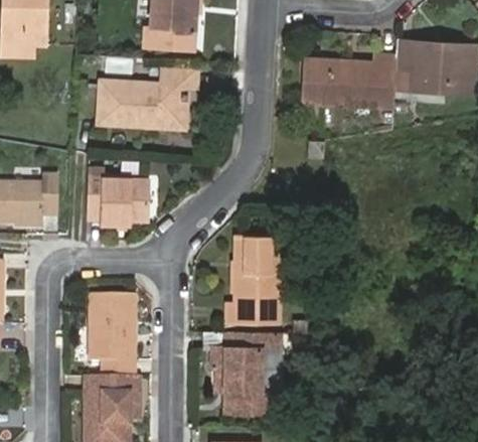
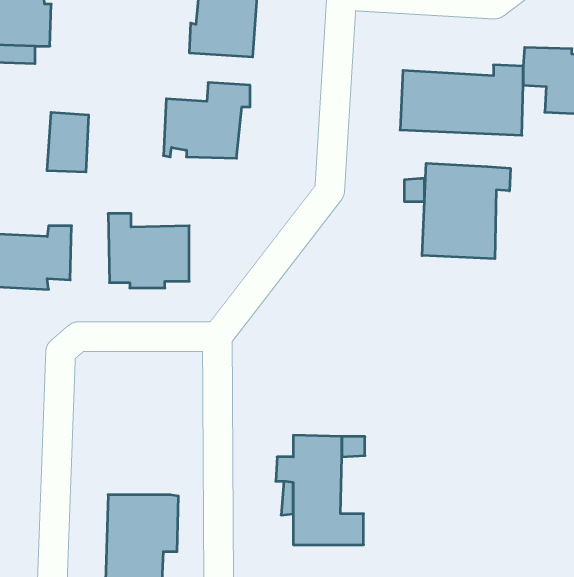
building: [99,80,130,124] -> [47,112,89,172]
building: none -> [422,163,510,259]
building: [227,238,280,322] -> none
building: [88,295,134,377] -> none

